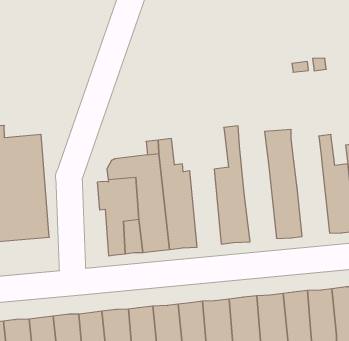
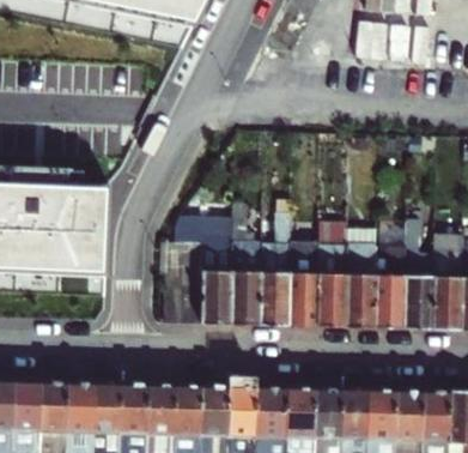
building: none -> [259,216,287,328]
building: none -> [316,225,346,330]
building: none -> [372,249,403,331]

